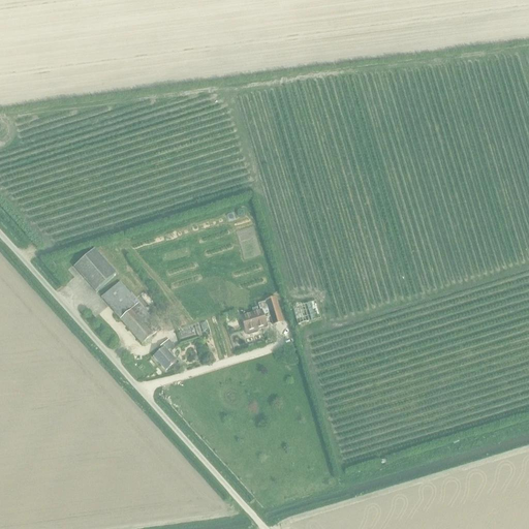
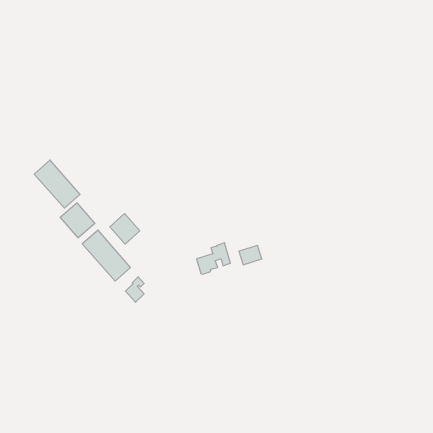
building: none -> [34,160,80,208]
building: none -> [110,214,140,244]

